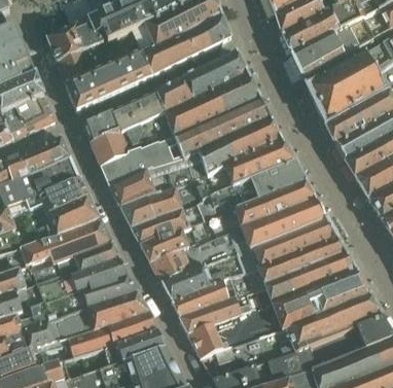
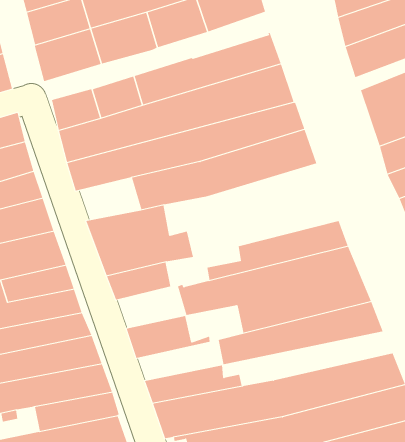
building: [198,142,306,211] -> none
building: [111,171,160,207] -> none
building: [151,245,204,281] -> none
building: [245,257,358,311] -> none
building: [172,282,236,317] -> none

